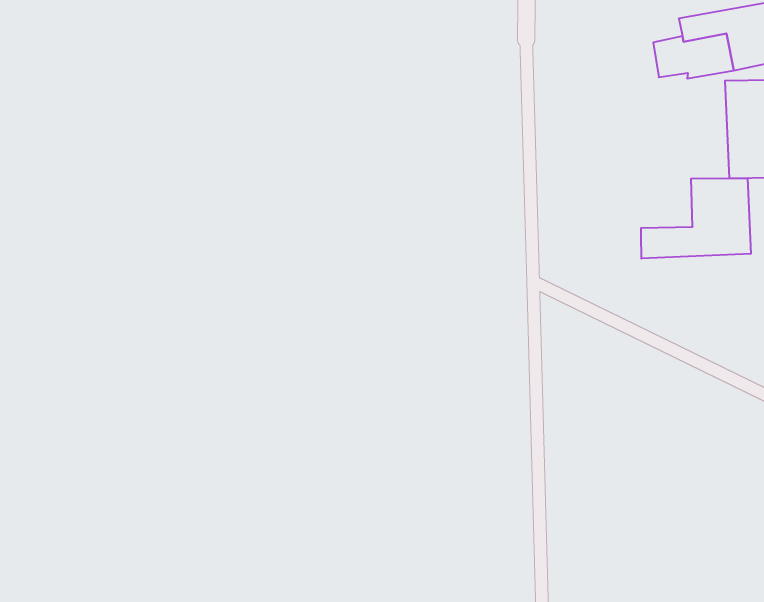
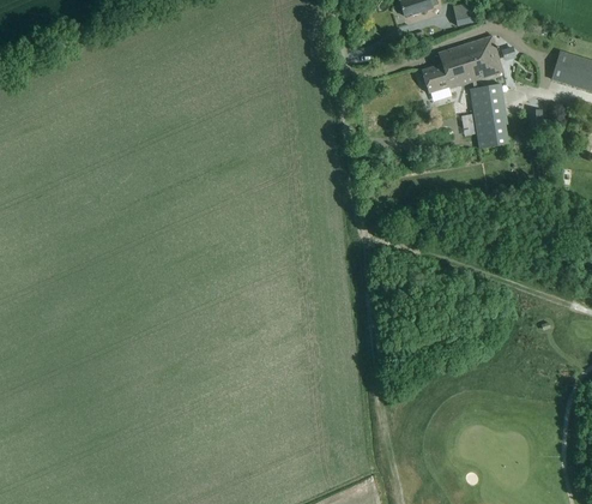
building: [641,178,751,259] -> none

